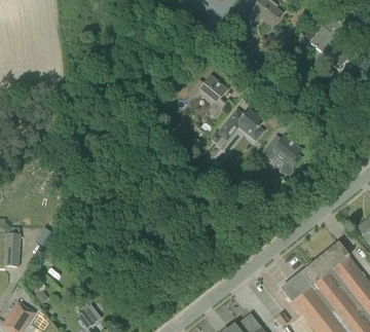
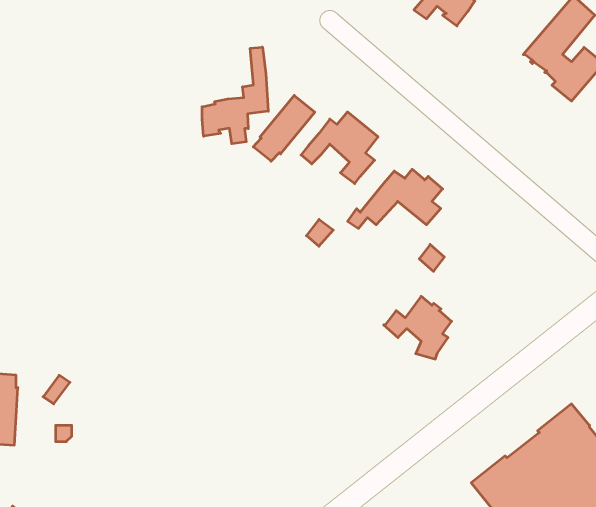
building: none -> [202,47,268,144]
building: none -> [253,95,315,161]
building: [263,136,302,172] -> [384,296,452,359]

